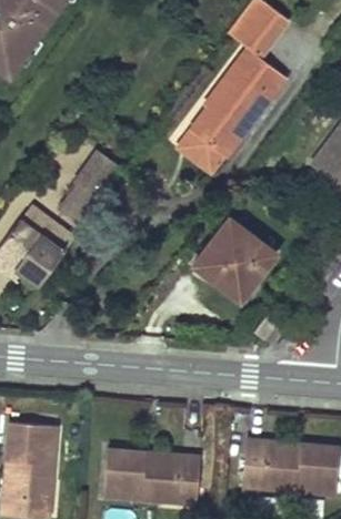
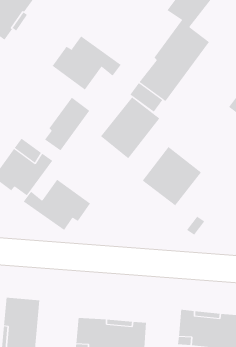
building: none -> [52,36,121,90]
building: none -> [100,96,160,159]
building: none -> [23,179,91,231]

